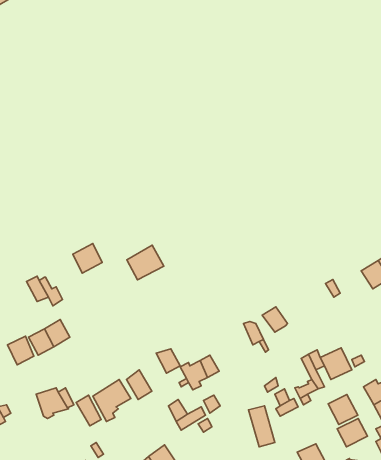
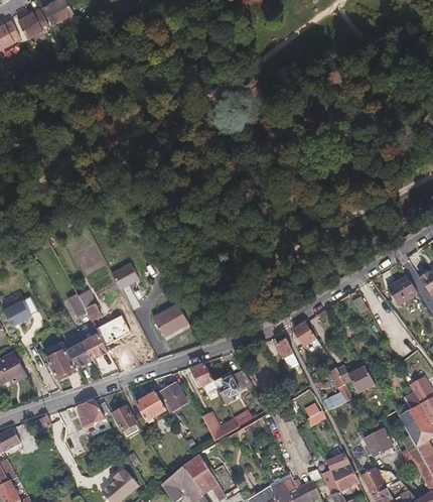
building: [127,245,164,280] -> [153,302,188,336]
building: none -> [97,313,130,344]
building: [328,394,358,425] -> none

